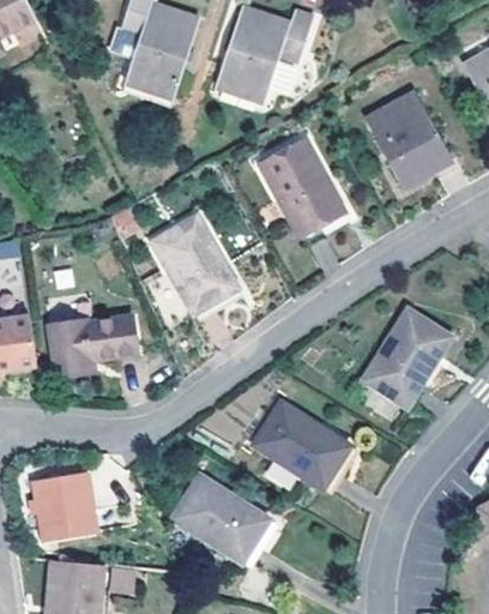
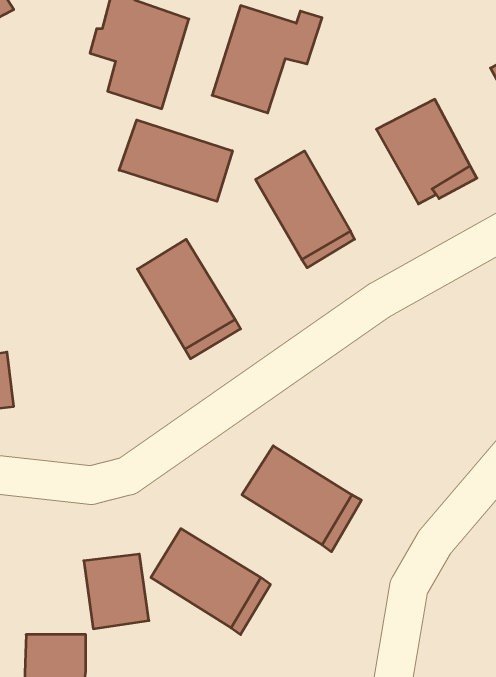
building: none -> [119,120,232,201]
building: [358,308,447,407] -> none
building: [59,318,147,384] -> none
building: [40,476,97,542] -> [84,554,149,629]

